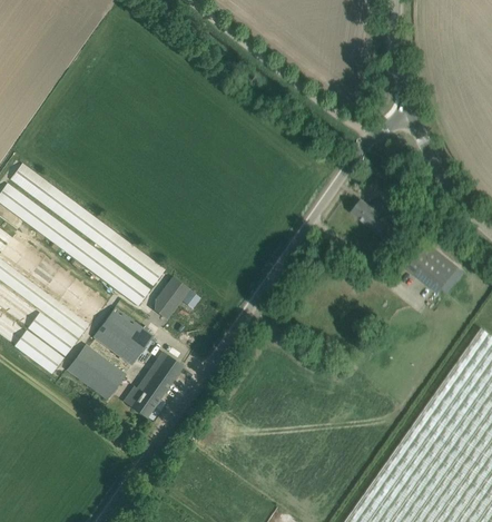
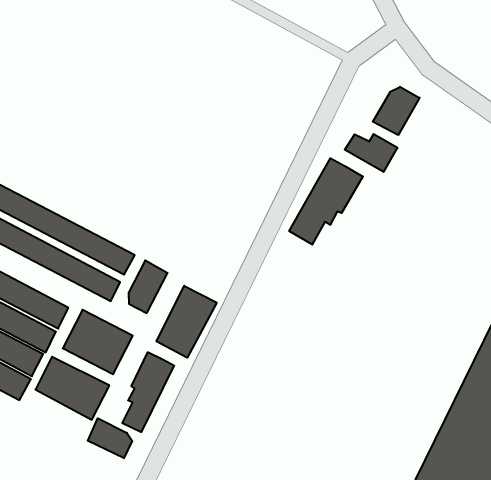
building: none -> [373,87,420,135]
building: none -> [289,158,363,245]
building: [407,245,457,293] -> none
building: none -> [156,286,217,358]
building: none -> [88,418,132,458]

